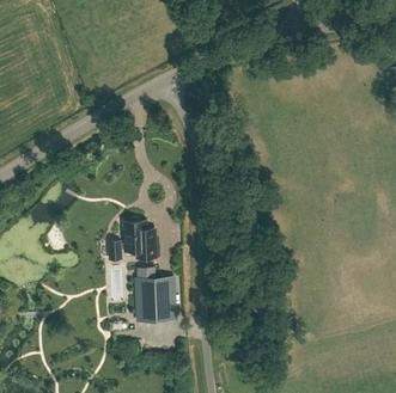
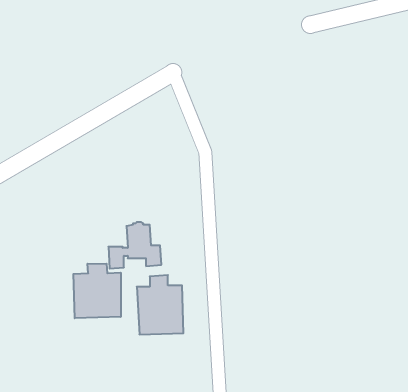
building: none -> [73,264,121,318]

